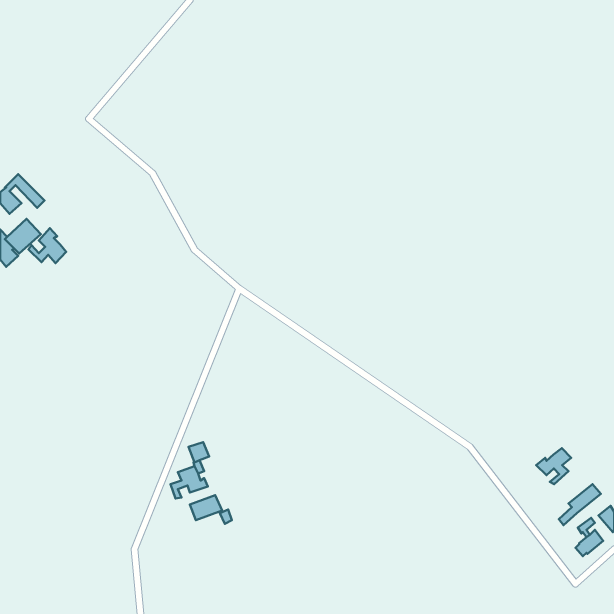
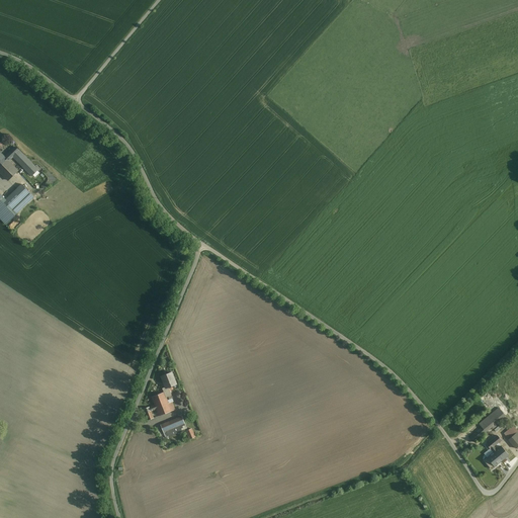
building: [29,228,66,263] -> none
building: [536,448,571,484] -> none

